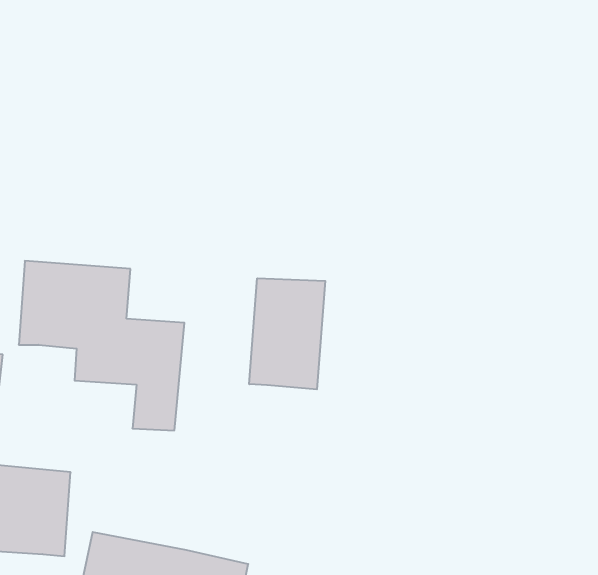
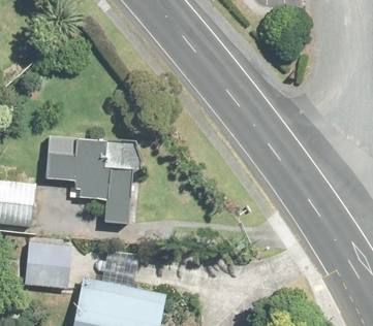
building: [249,278,325,389] -> none

